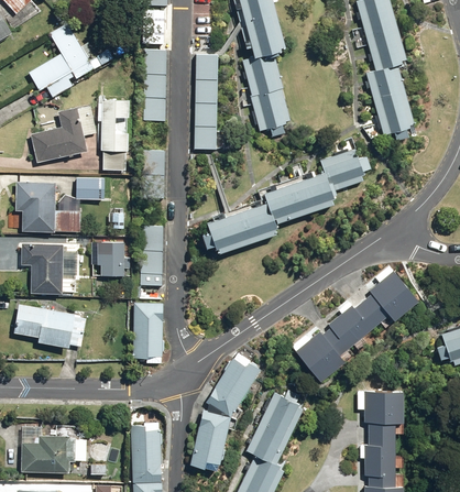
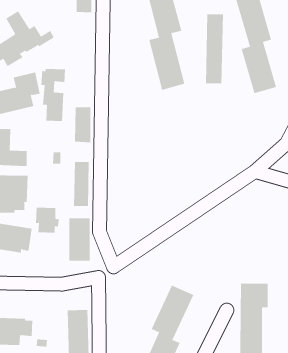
building: [143,54,166,121] -> none
building: [193,55,218,150] -> [205,14,224,84]
building: [206,150,370,254] -> none
building: [75,177,105,200] -> none
building: [96,242,129,277] -> [35,207,60,233]
building: [293,270,418,382] -> none
building: [190,356,260,470] -> none

